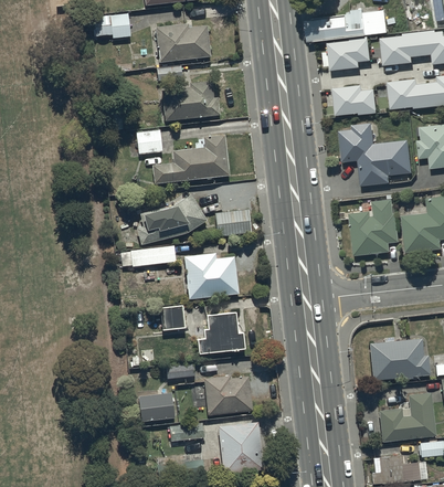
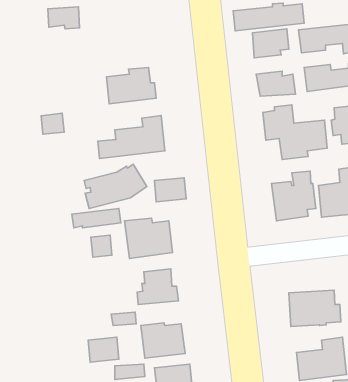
building: [154,24,208,64] -> none
building: [136,129,162,153] -> [41,113,64,134]
building: [160,304,184,329] -> [91,235,112,257]

